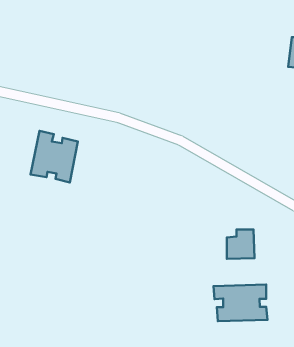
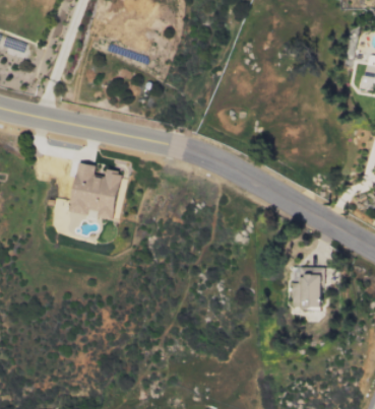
building: [213,284,267,321] -> none

